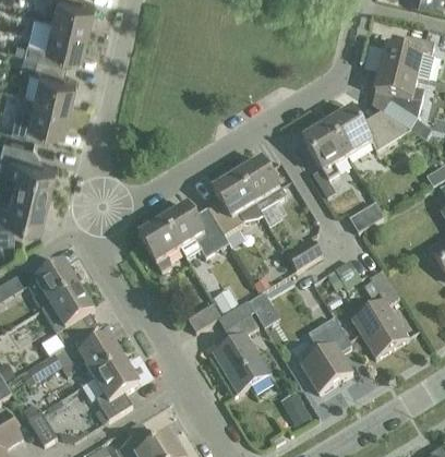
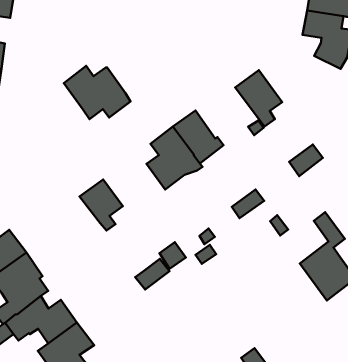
building: [327,108,410,157] -> none
building: [163,204,228,257] -> [64,66,131,119]
building: [213,313,269,393] -> none
building: [301,317,352,393] -> none

